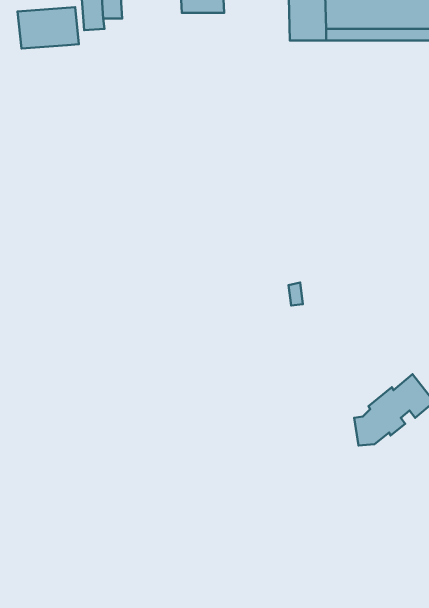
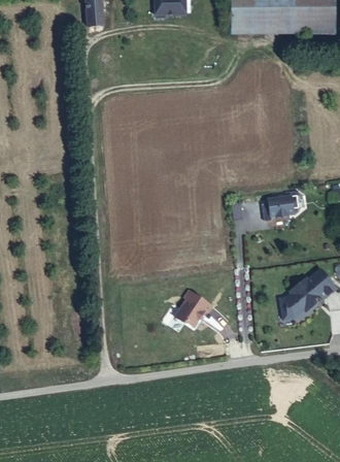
building: [18,7,79,48] -> none
building: none -> [267,196,298,218]
building: none -> [173,290,210,326]

